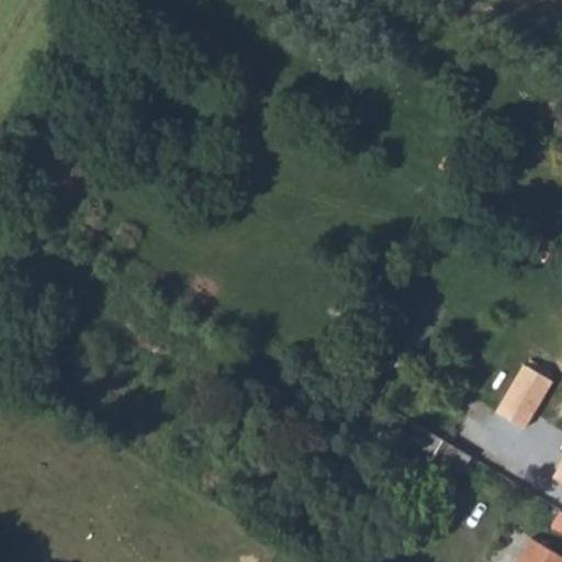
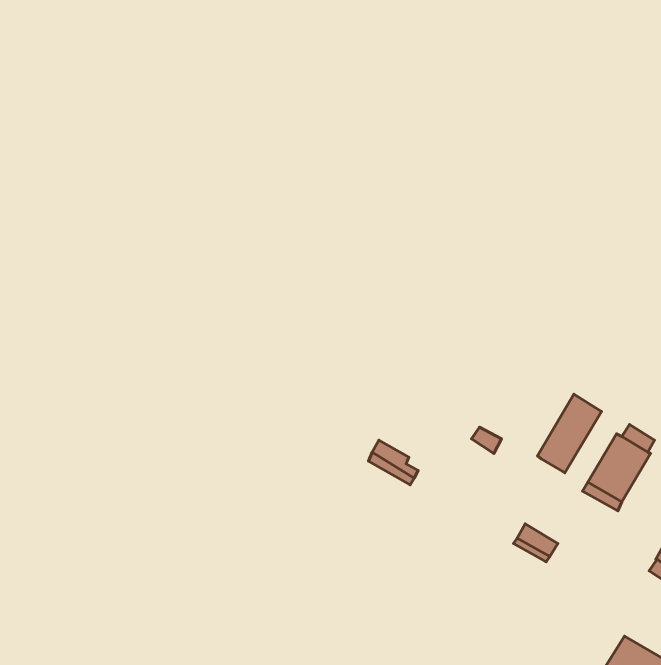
building: none -> [537,394,602,473]

